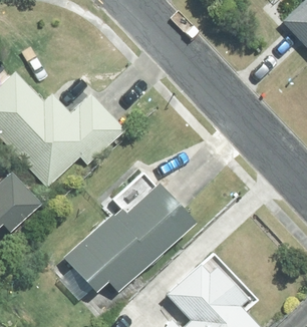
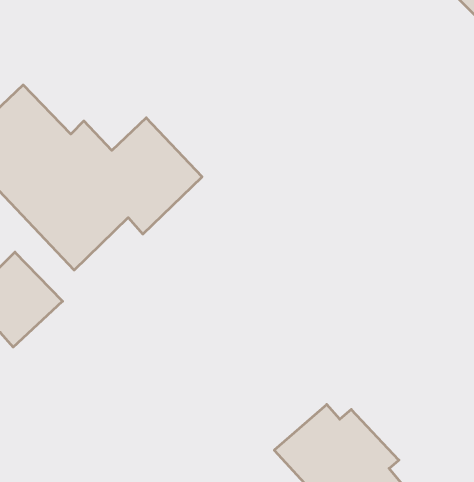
building: [65,187,194,294] -> none

